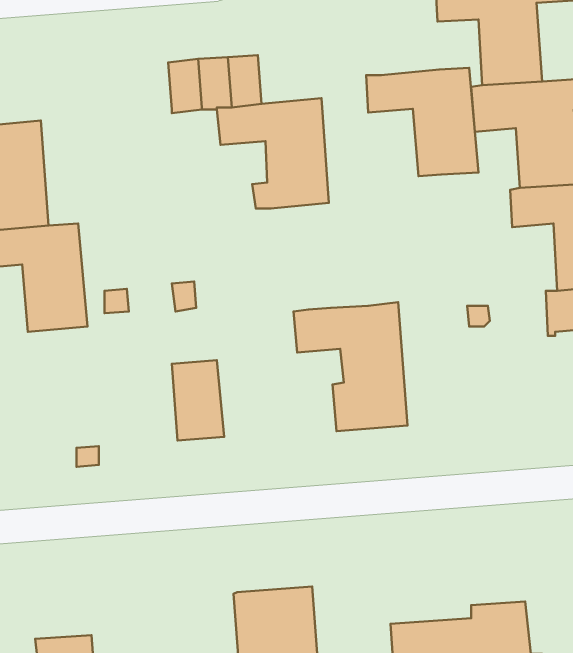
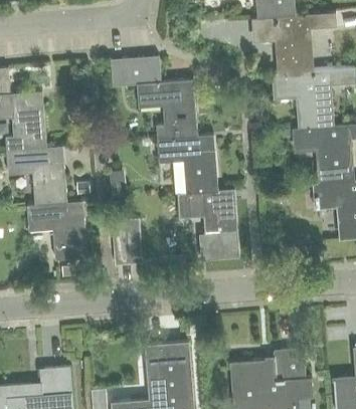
building: [366,68,478,176] -> [158,136,218,194]
building: none -> [27,202,87,261]

